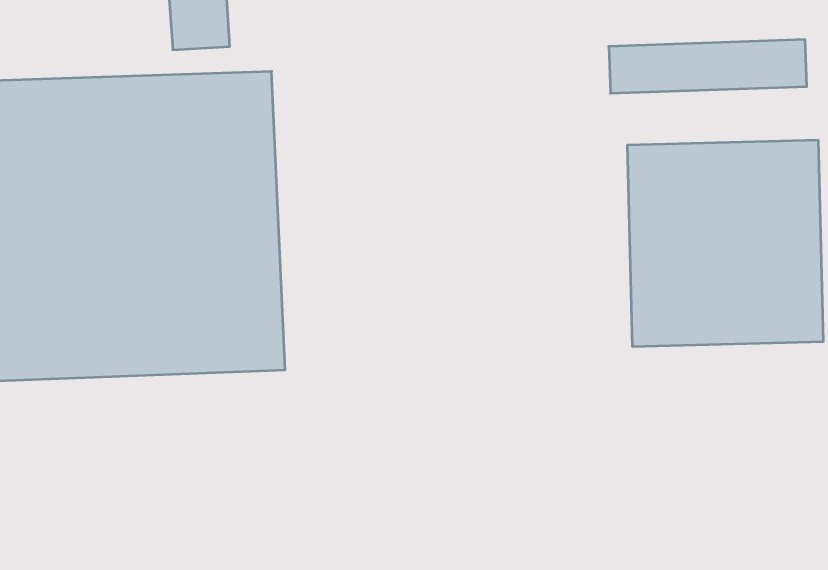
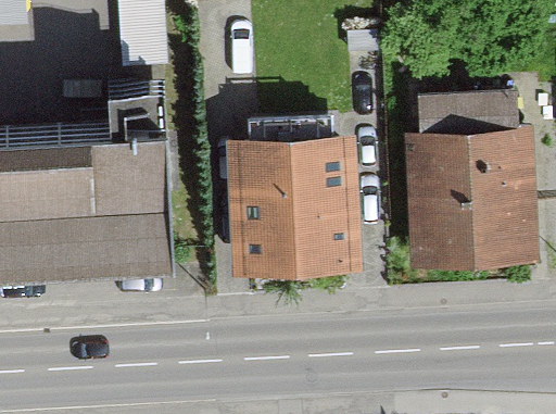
building: none -> [233,139,363,277]

